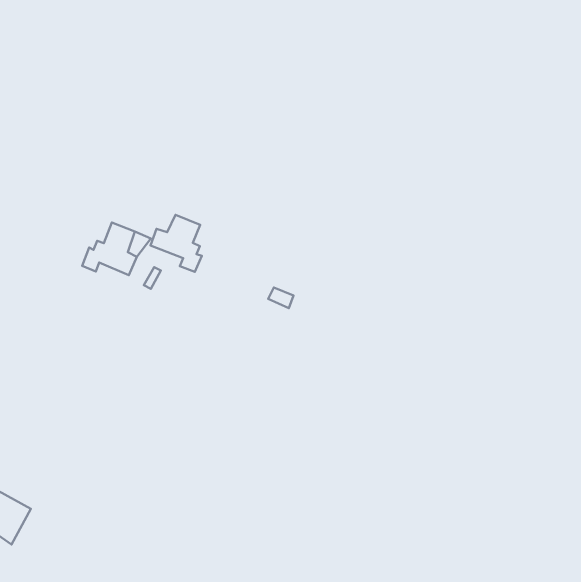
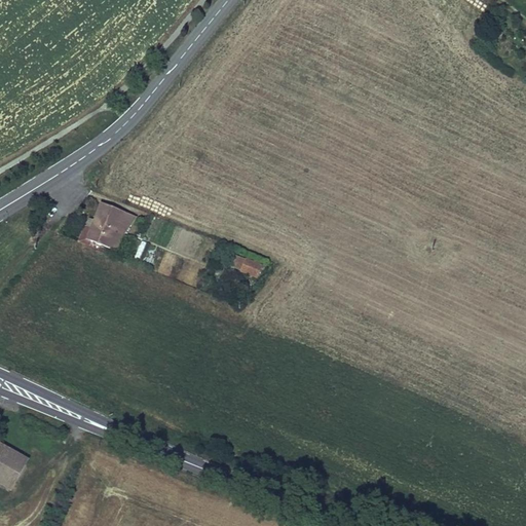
building: [151,215,202,272] -> none

